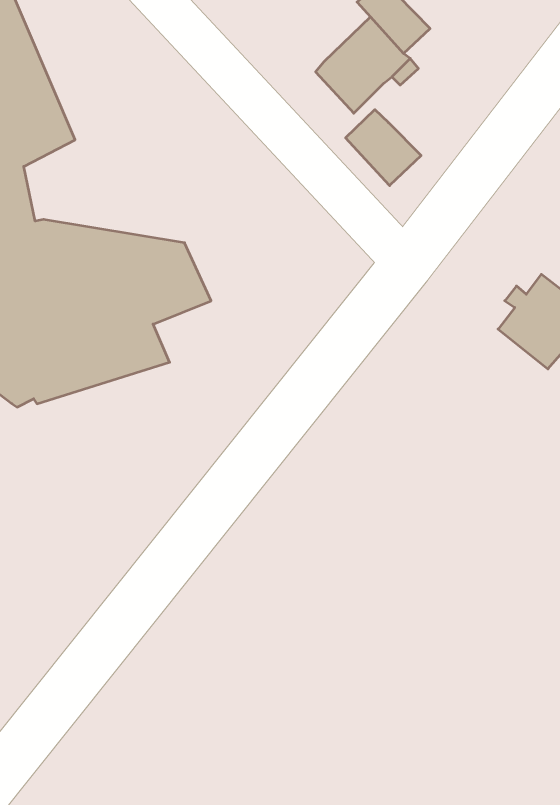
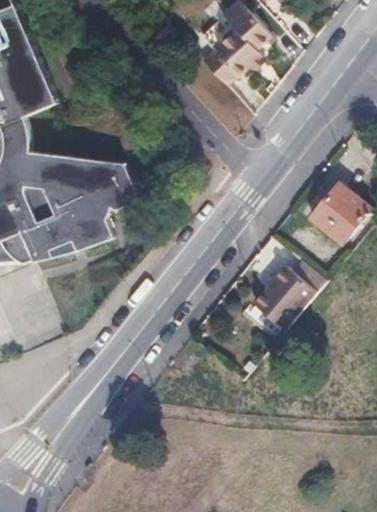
building: [346,110,421,186] -> none
building: none -> [251,264,325,332]

